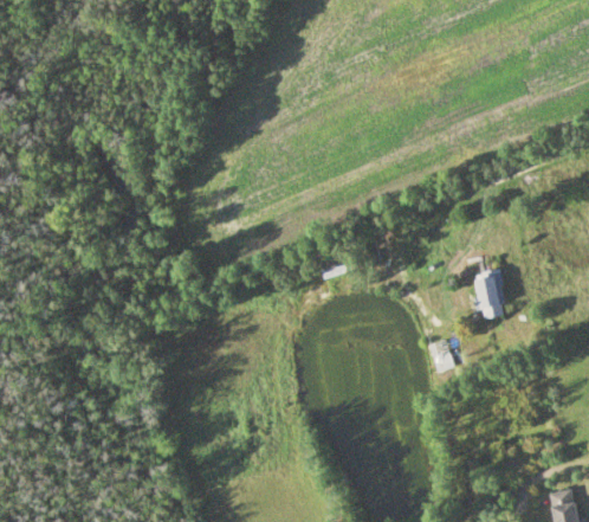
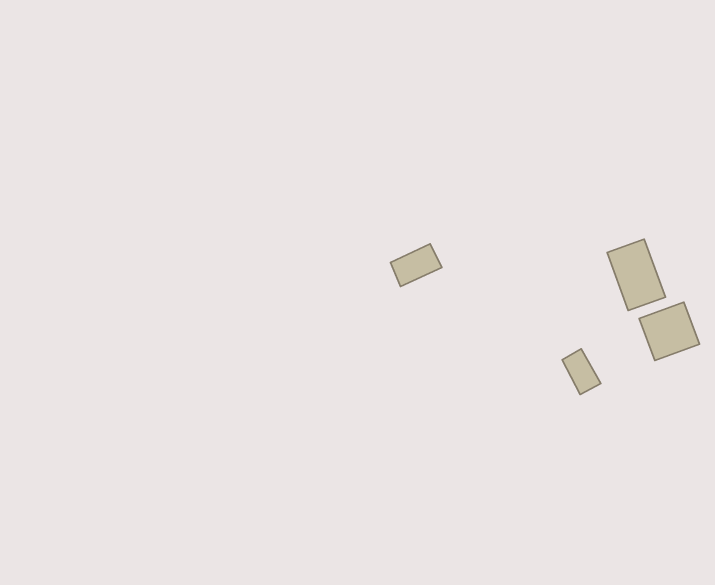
building: none -> [639,302,699,361]

